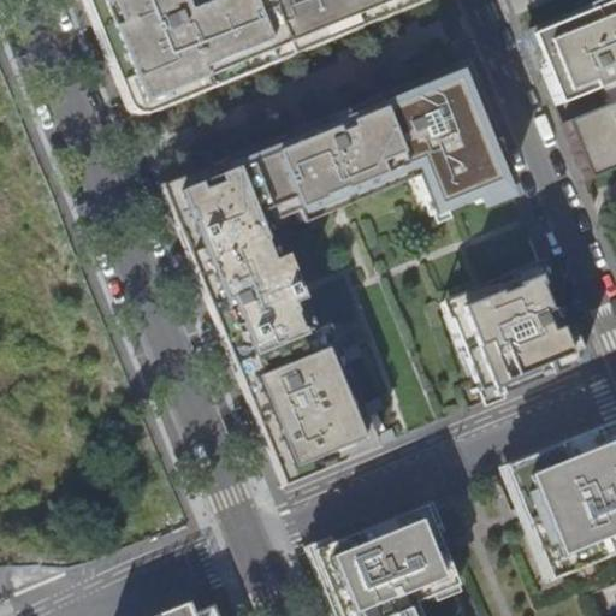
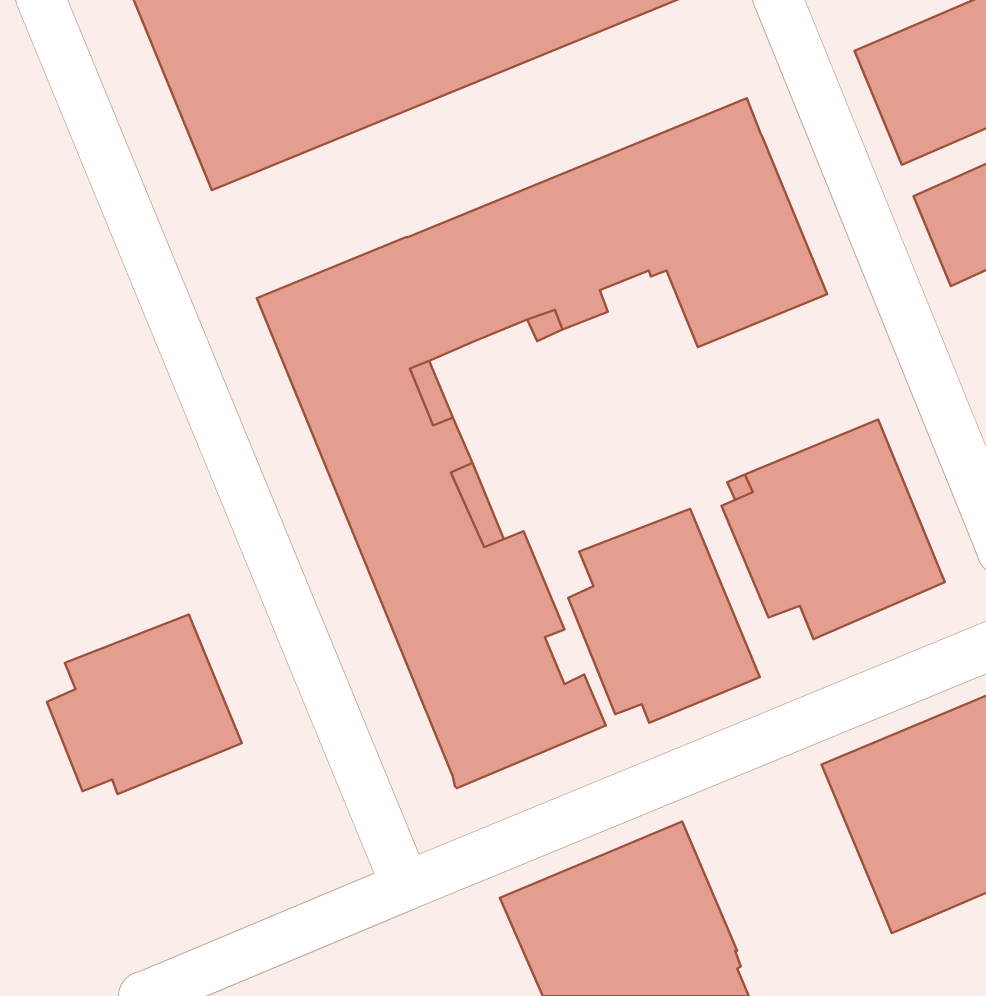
building: none -> [568,509,760,723]
building: none -> [47,614,242,794]

